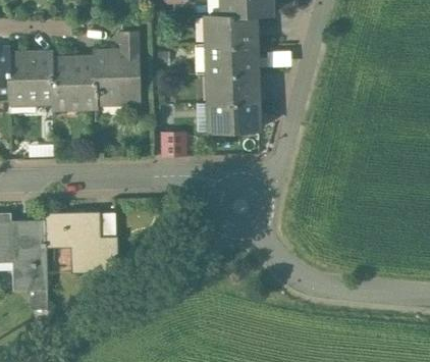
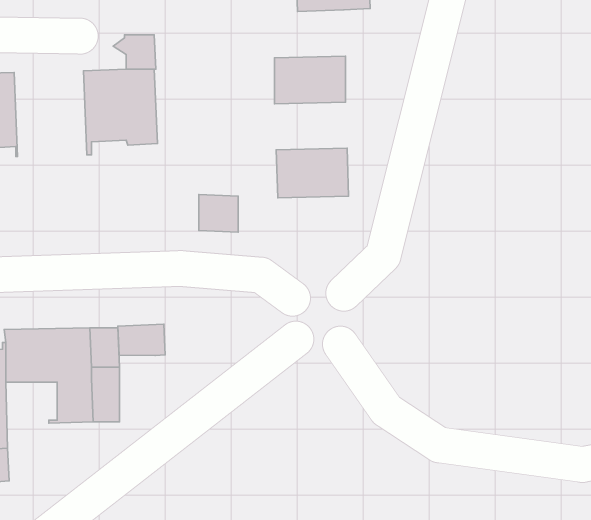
building: [211,15,256,45] -> none
building: [51,53,96,106] -> none
building: [212,72,257,102] -> none
building: none -> [118,324,165,355]

